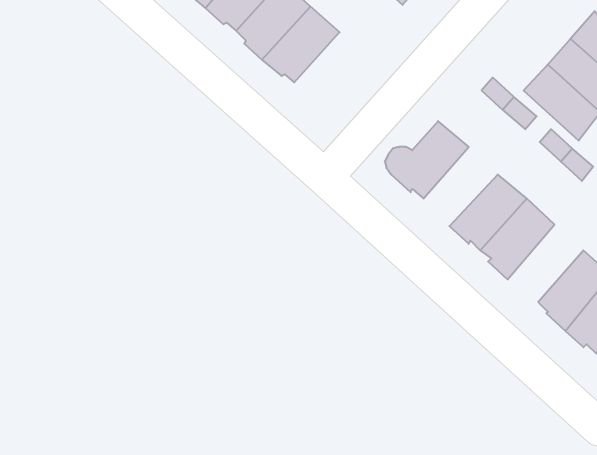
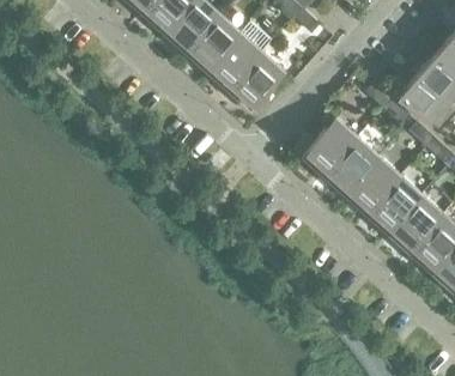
building: none -> [229,50,285,113]
building: none -> [324,135,380,194]
building: none -> [387,193,443,250]

